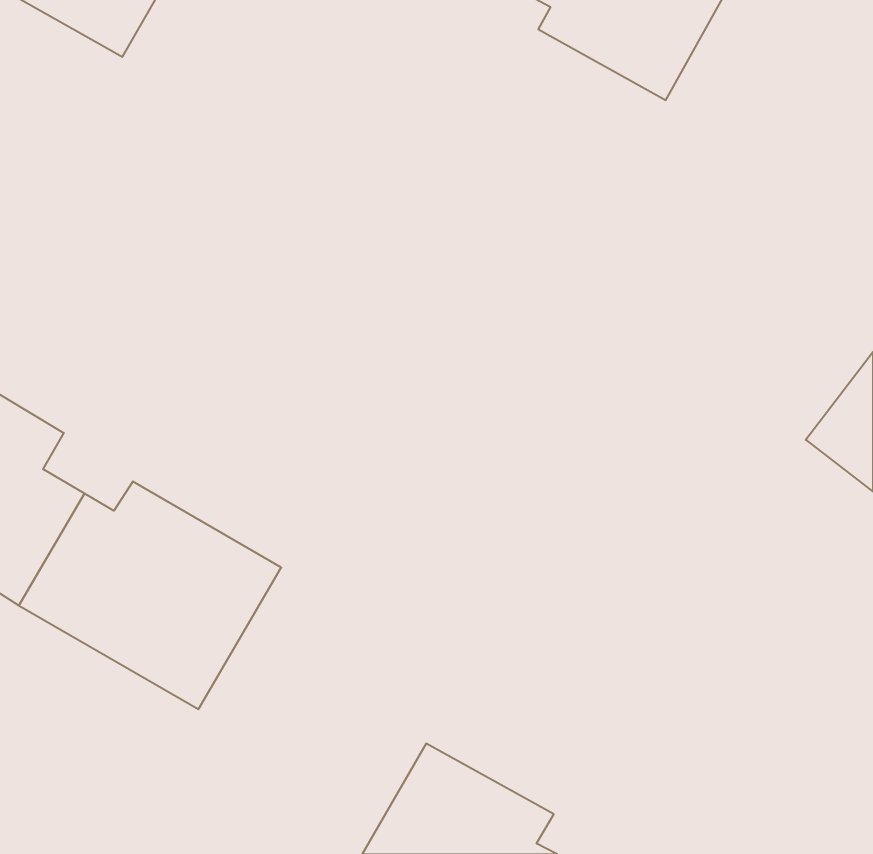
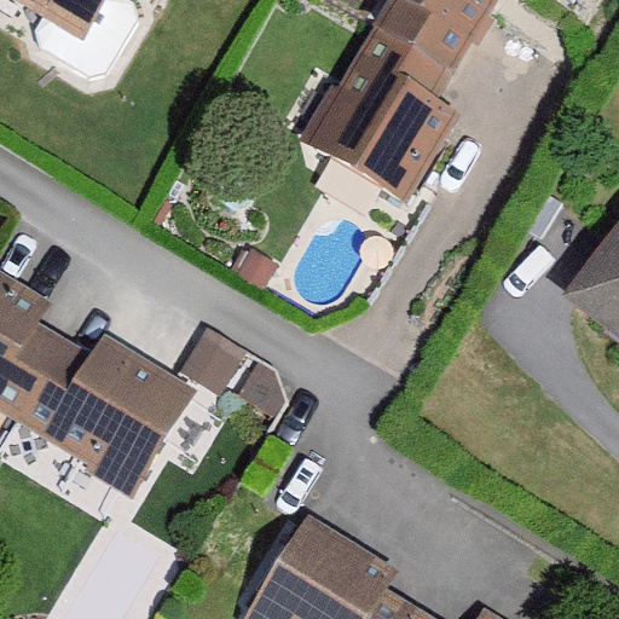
building: none -> [305,21,467,207]

